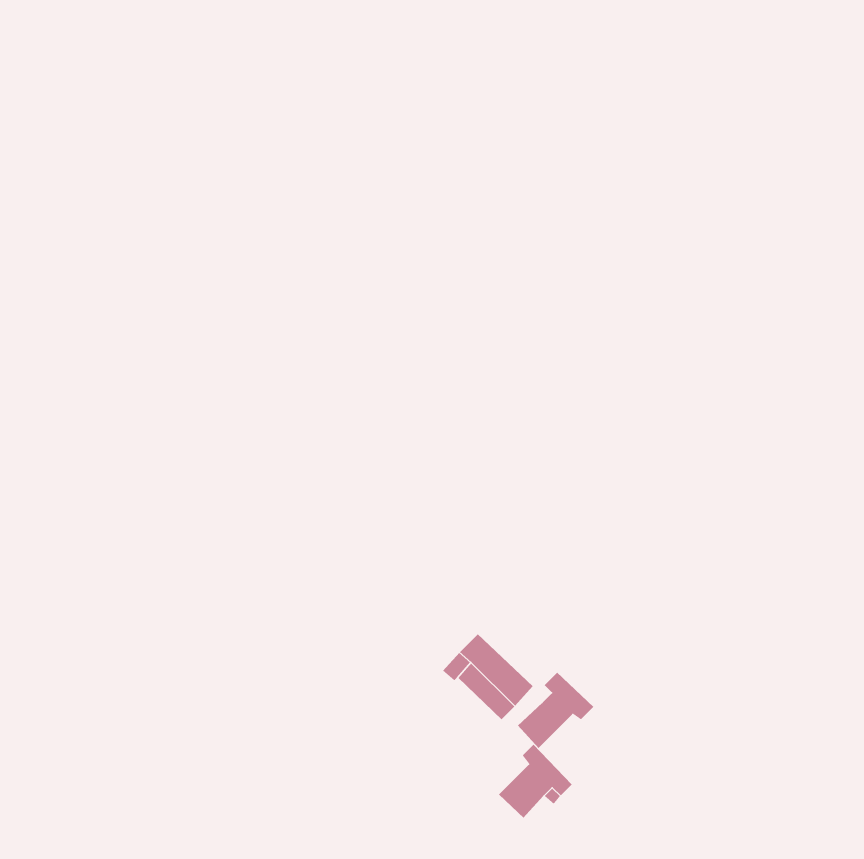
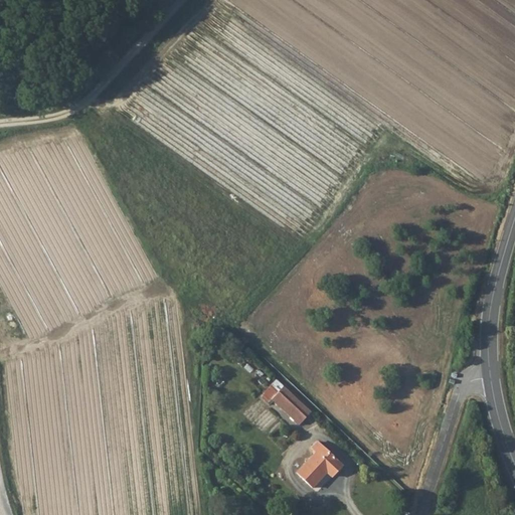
building: [517,672,594,749] -> none

